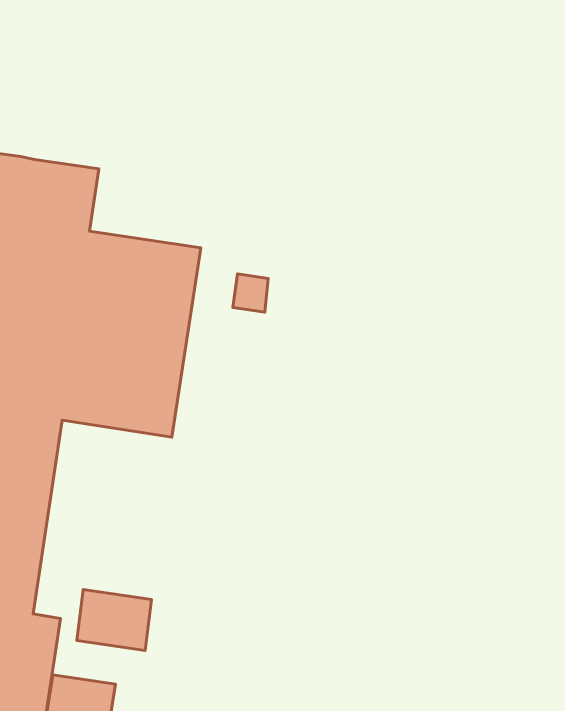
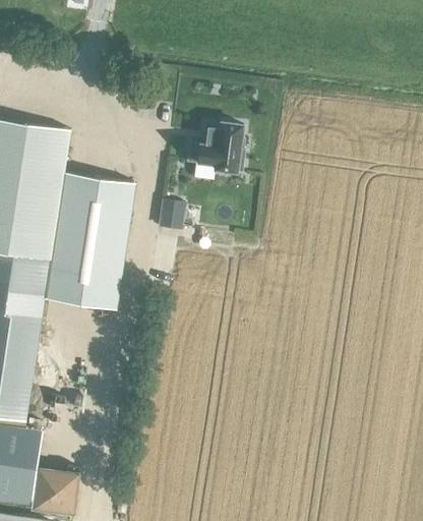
building: none -> [186,123,243,174]
building: [77,590,152,650] -> none

